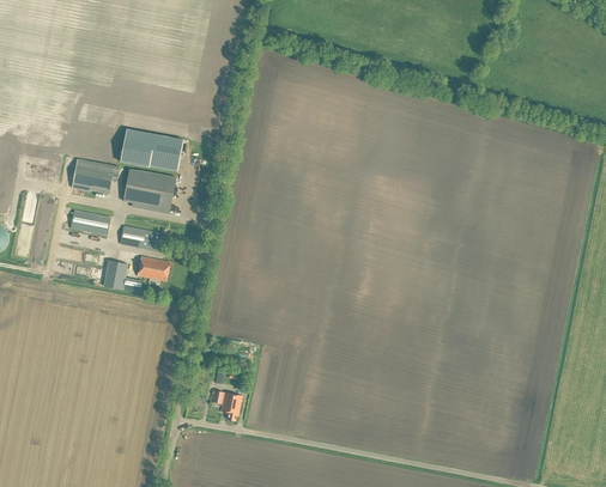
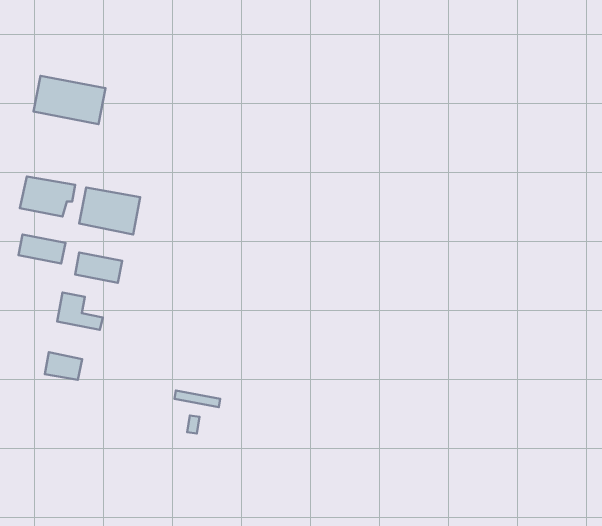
building: [120,127,182,169] -> [33,76,105,124]
building: [137,255,169,279] -> [45,352,82,380]
building: [211,388,241,419] -> none

